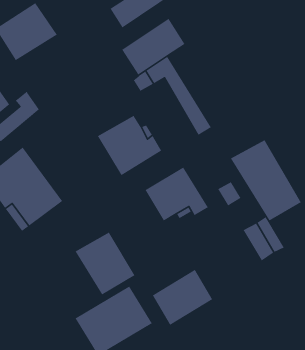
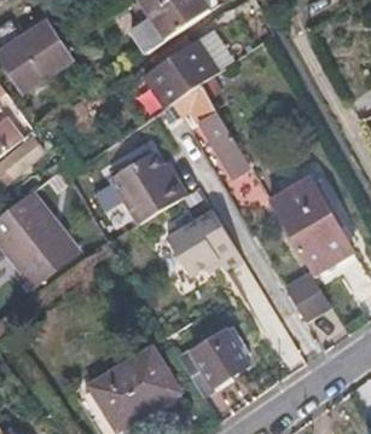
building: [75,232,135,295] -> none

